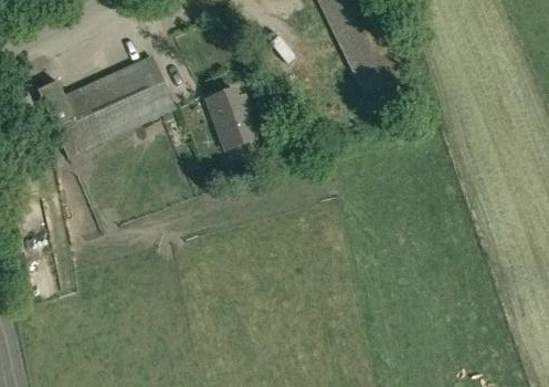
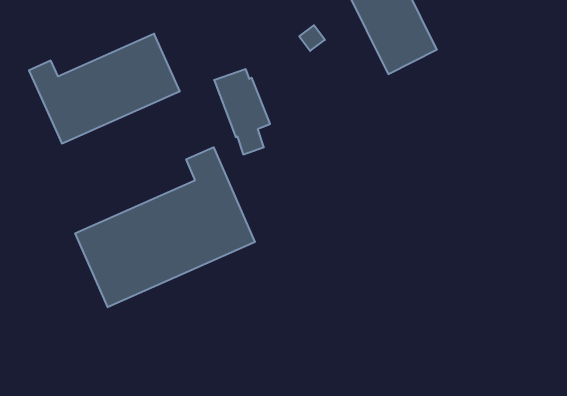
building: none -> [75,147,255,307]

